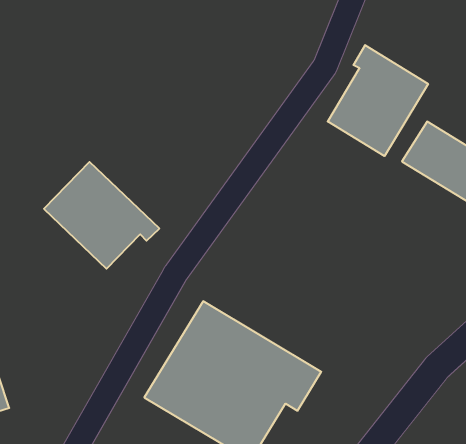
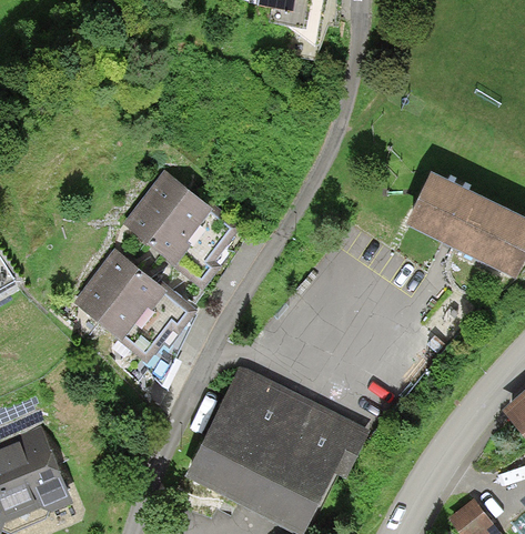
building: [328,45,428,156] -> none
building: none -> [127,173,232,280]

